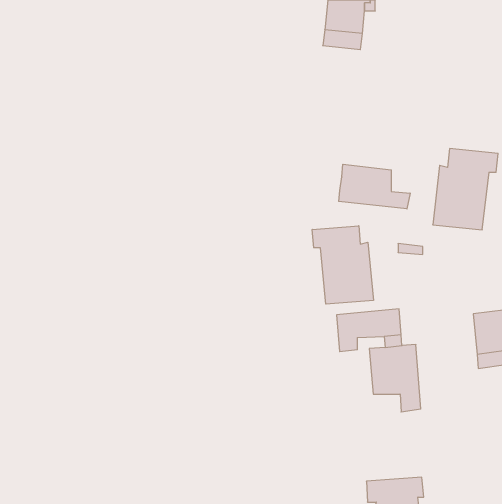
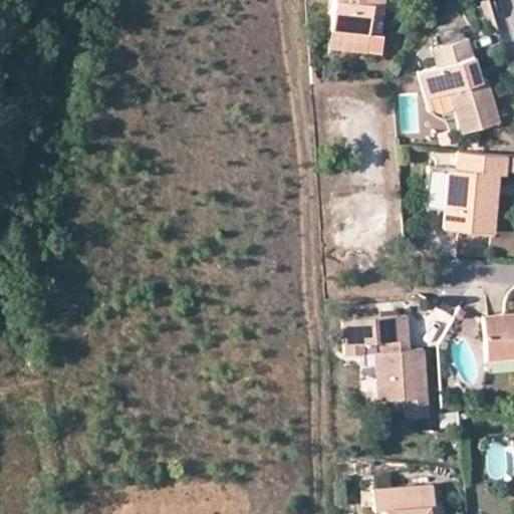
building: none -> [420,39,501,134]
building: [339,164,410,209] -> none
building: [312,226,373,304] -> none

